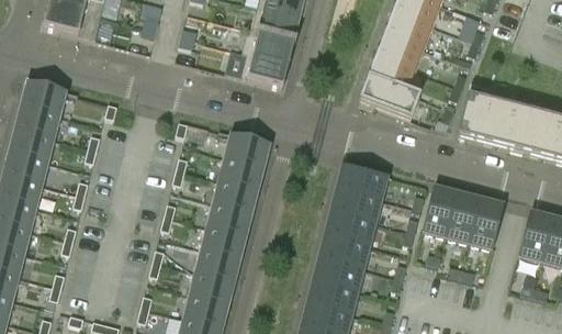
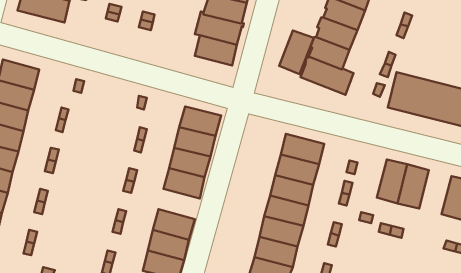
building: none -> [279,31,314,74]
building: [422,186,457,235] -> none
building: [201,225,247,259] -> none

